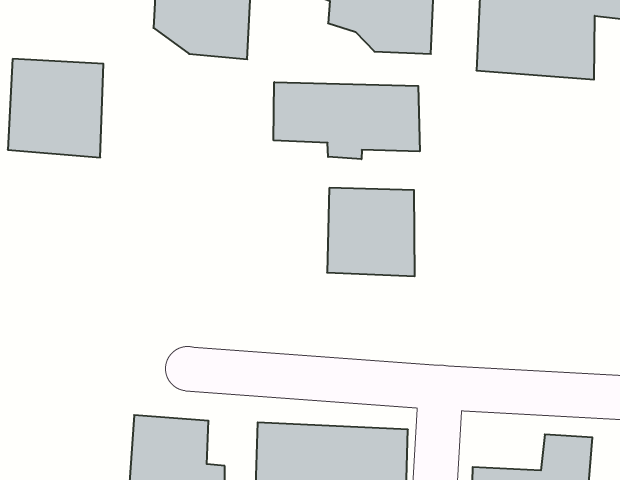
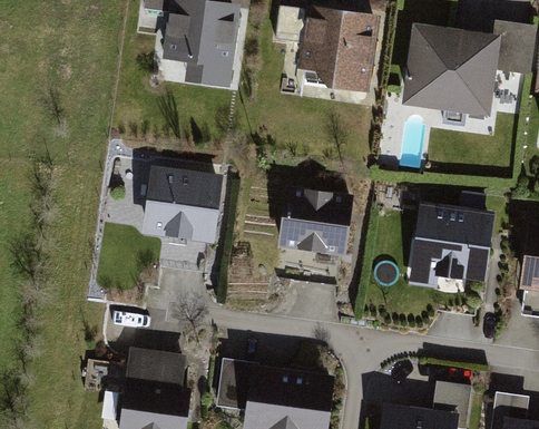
building: [8,59,103,157] -> [144,165,219,243]
building: [274,82,420,159] -> none
building: none -> [409,202,494,294]

